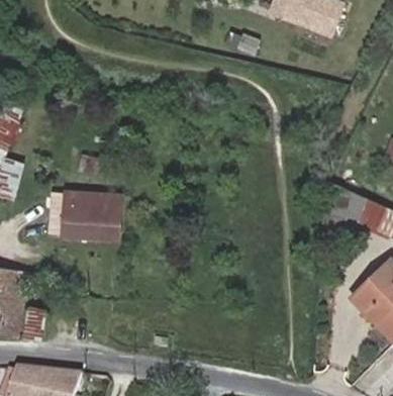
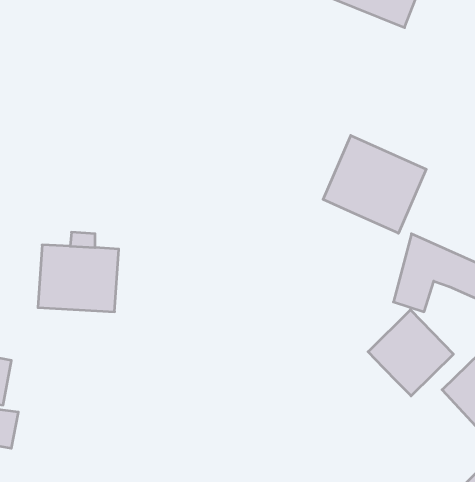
building: none -> [323,135,426,233]
building: none -> [368,310,453,396]

